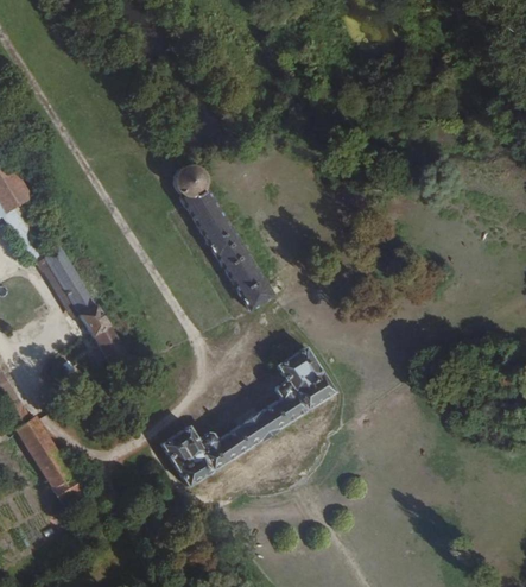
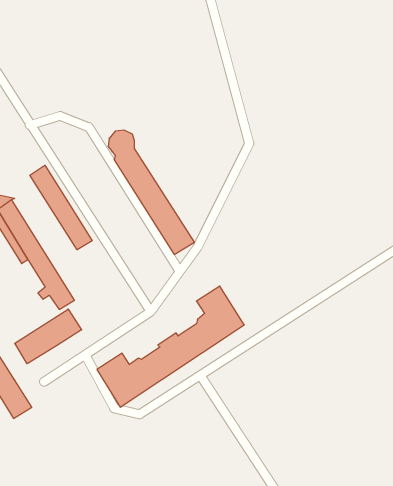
building: none -> [30,165,92,250]
building: none -> [15,309,82,364]

